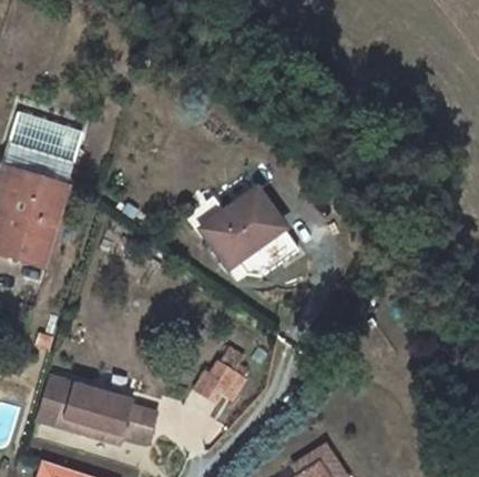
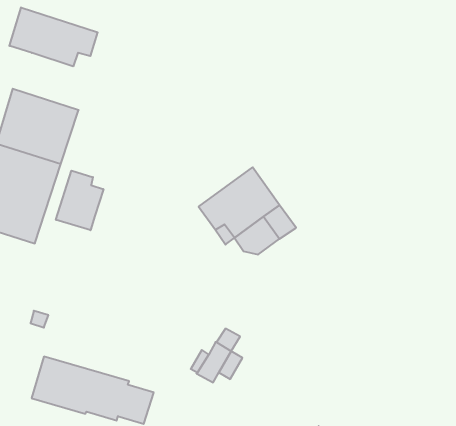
building: none -> [9,7,98,66]
building: none -> [56,171,103,230]

